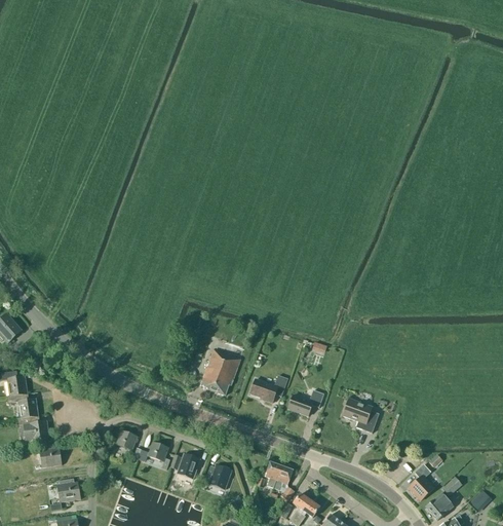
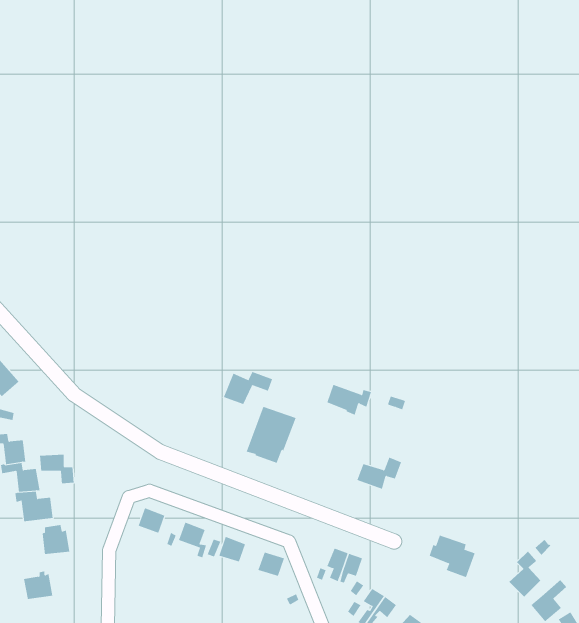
building: none -> [223,371,273,405]
building: [249,378,285,403] -> [326,384,372,415]
building: none -> [39,454,74,484]
building: [342,398,379,433] -> [429,534,476,578]
building: [56,479,80,501] -> [23,571,53,600]

